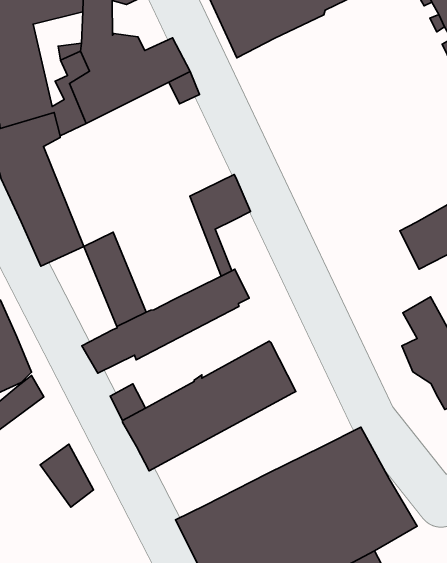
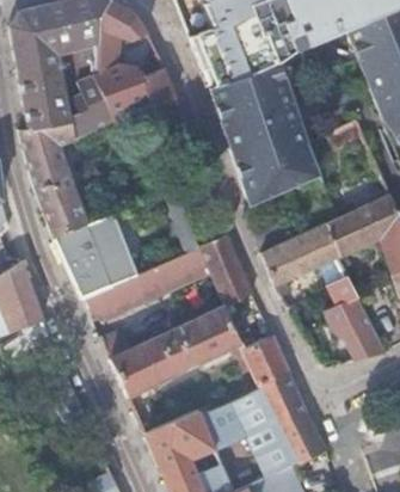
building: none -> [211,61,321,197]
building: none -> [264,226,340,285]
building: none -> [54,223,109,299]
building: none -> [201,236,250,305]
building: none -> [241,334,289,386]

